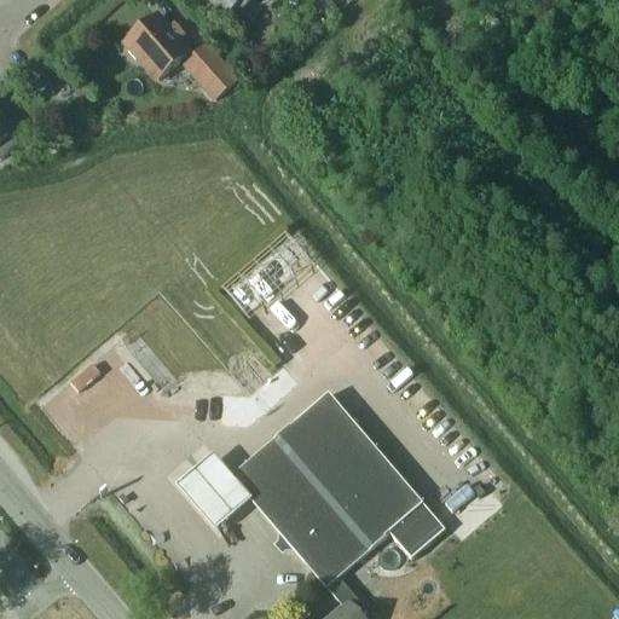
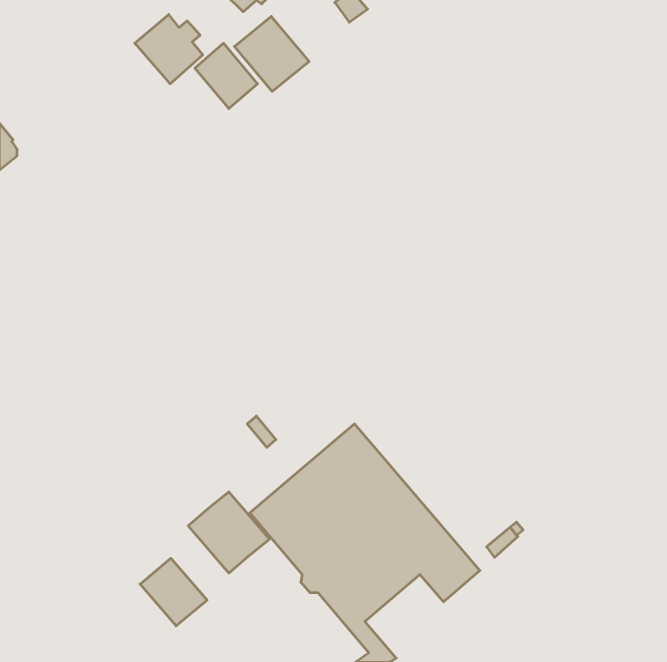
building: none -> [234,16,309,91]
building: none -> [140,558,207,626]

